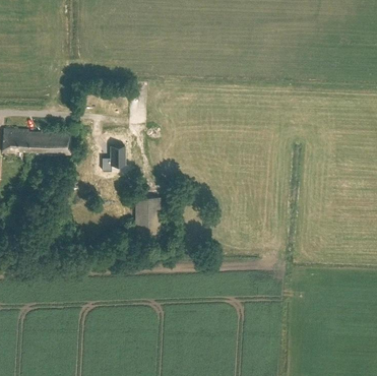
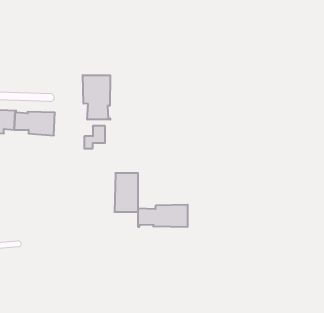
building: none -> [83,75,110,120]
building: none -> [138,205,188,227]

